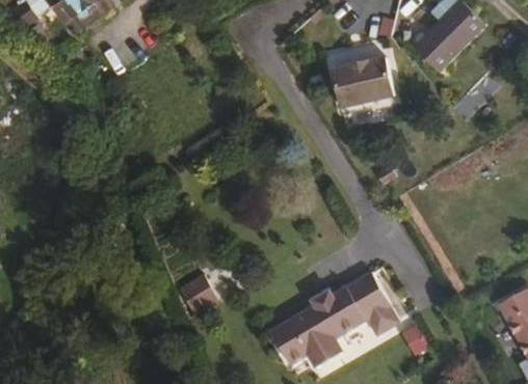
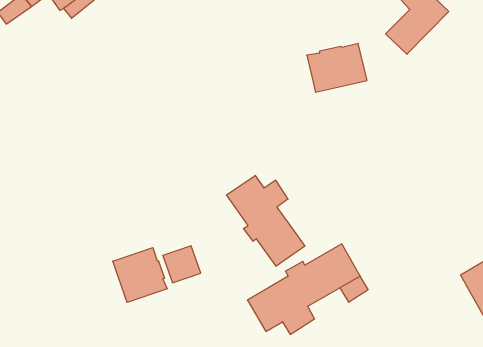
building: none -> [227,175,305,266]
building: none -> [113,248,167,302]

